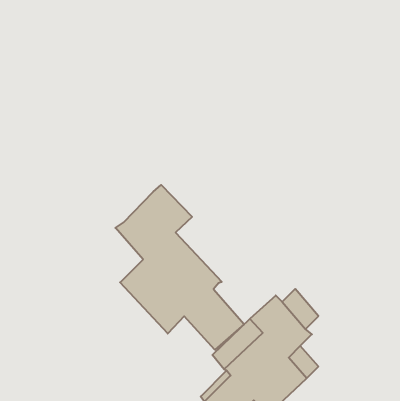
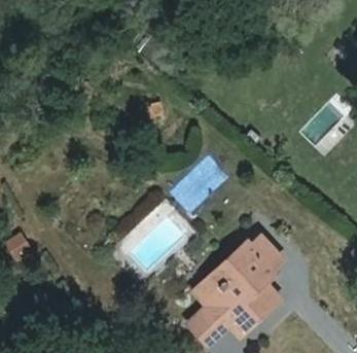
building: [115,185,244,350] -> none

